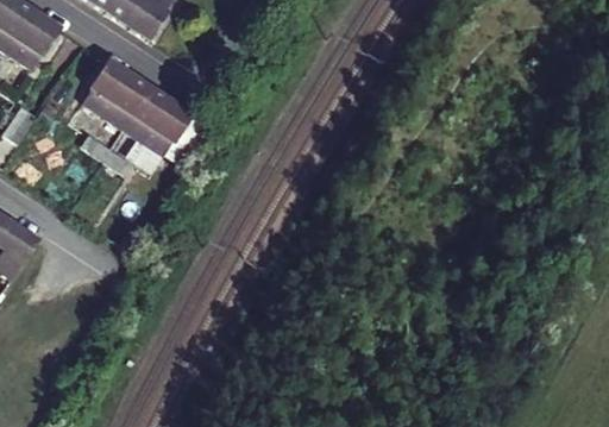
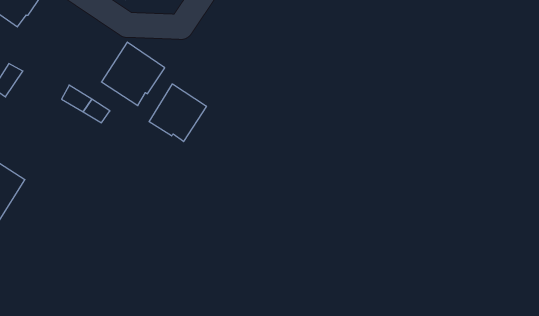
building: [82,57,151,130] -> none
building: none -> [149,84,206,142]

